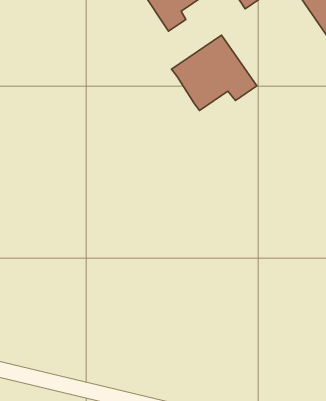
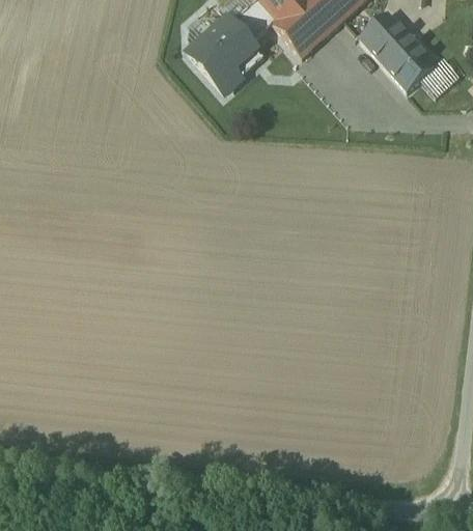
building: [172,35,257,110] -> none

